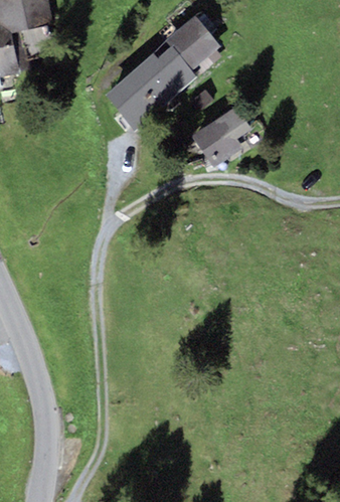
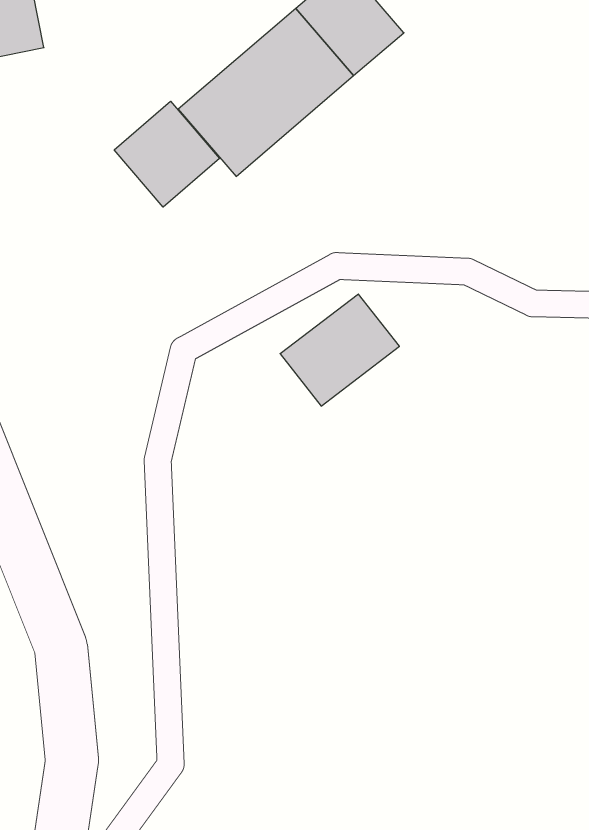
building: none -> [114,101,220,207]
building: [191,107,256,167] -> [280,294,399,406]

